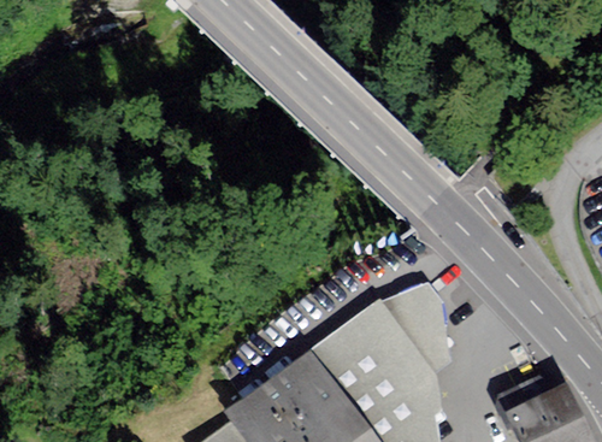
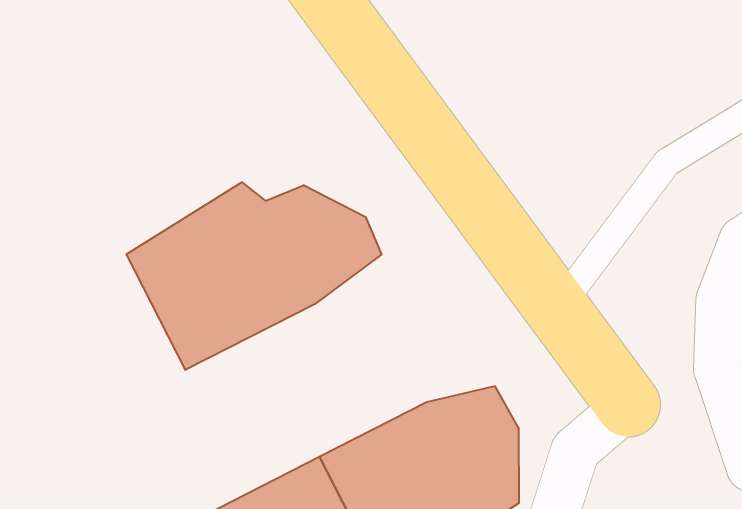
building: none -> [126,182,382,370]

